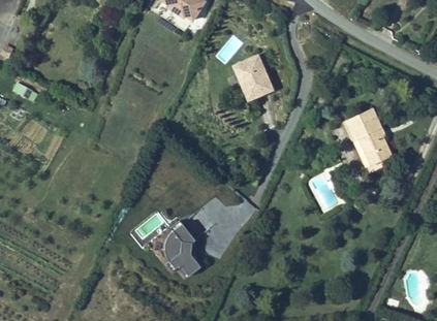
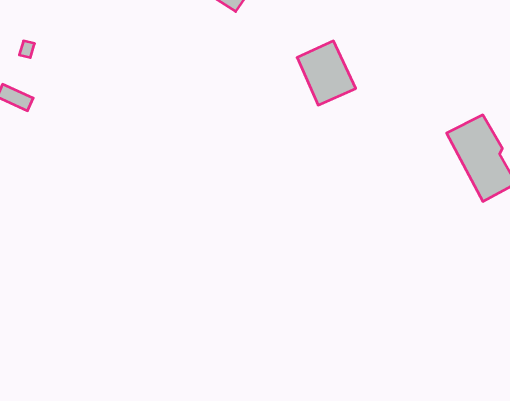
building: [162,221,204,277] -> none

